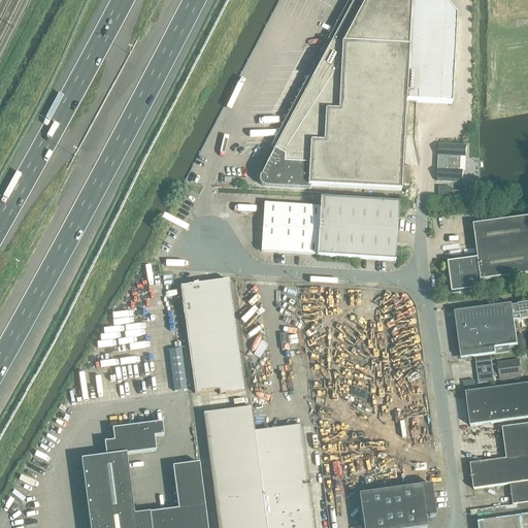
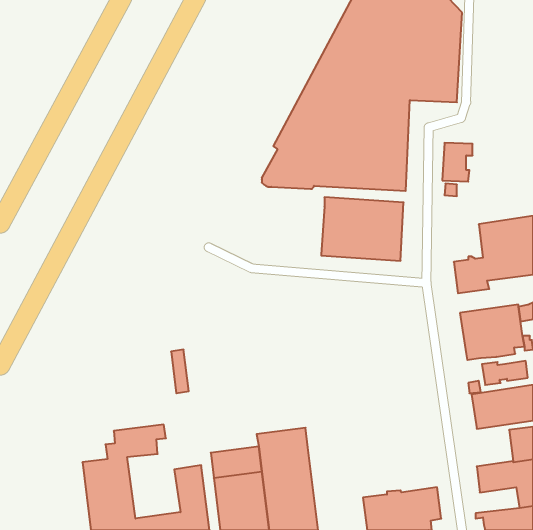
building: [262,200,321,252] -> none
building: [180,277,243,392] -> none
building: [203,404,256,448] -> none

